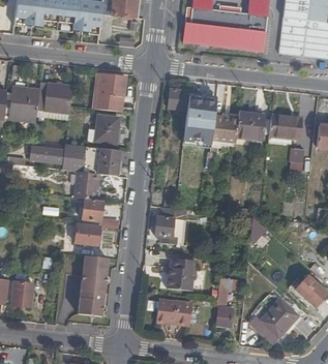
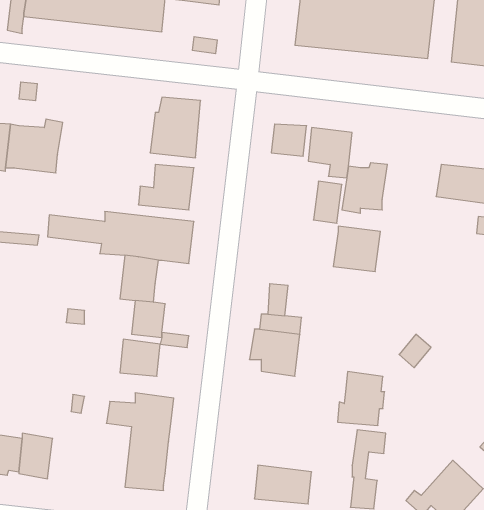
building: [36,80,72,113] -> none
building: [236,112,265,140] -> [333,226,380,272]
building: [168,256,197,290] -> [338,372,385,425]

